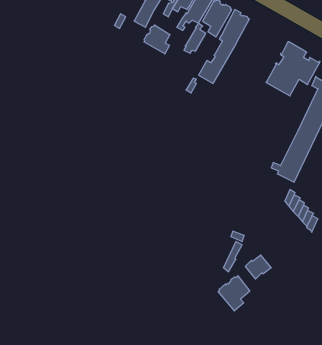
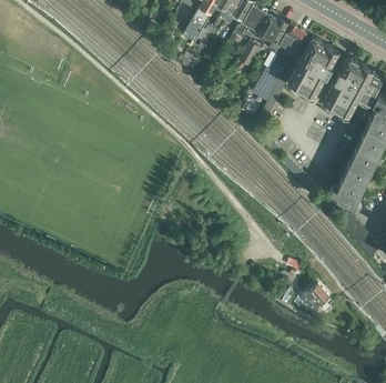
building: none -> [290,38,338,95]
building: [144,25,170,54] -> none
building: [218,276,250,311] -> none

